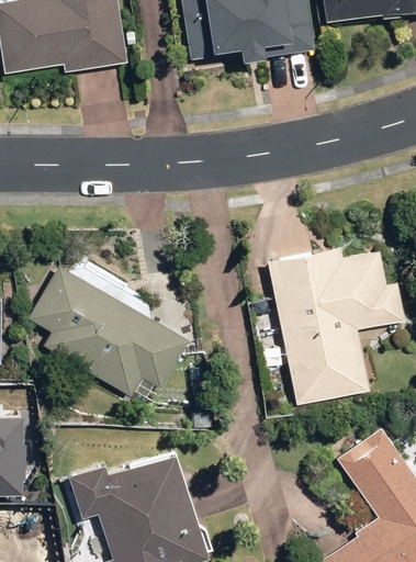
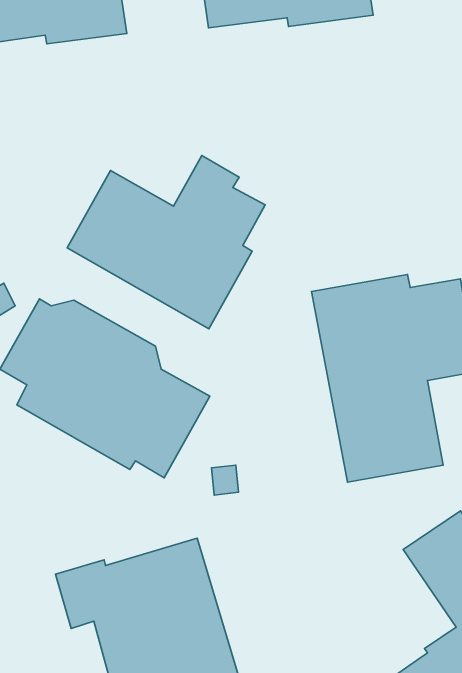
building: none -> [67,155,265,329]

